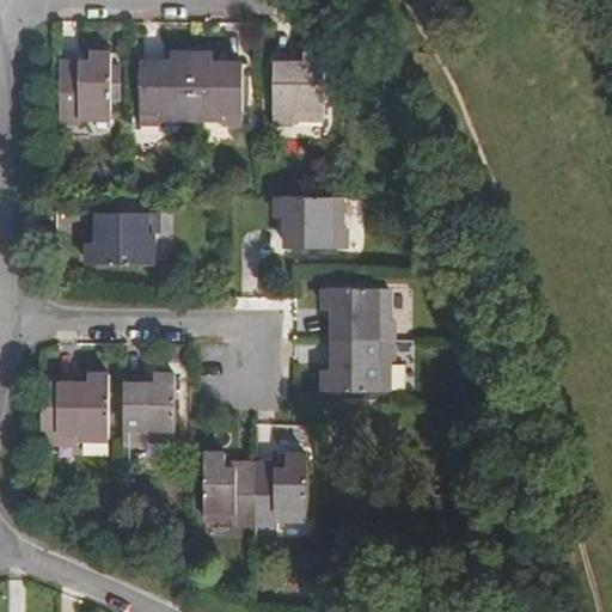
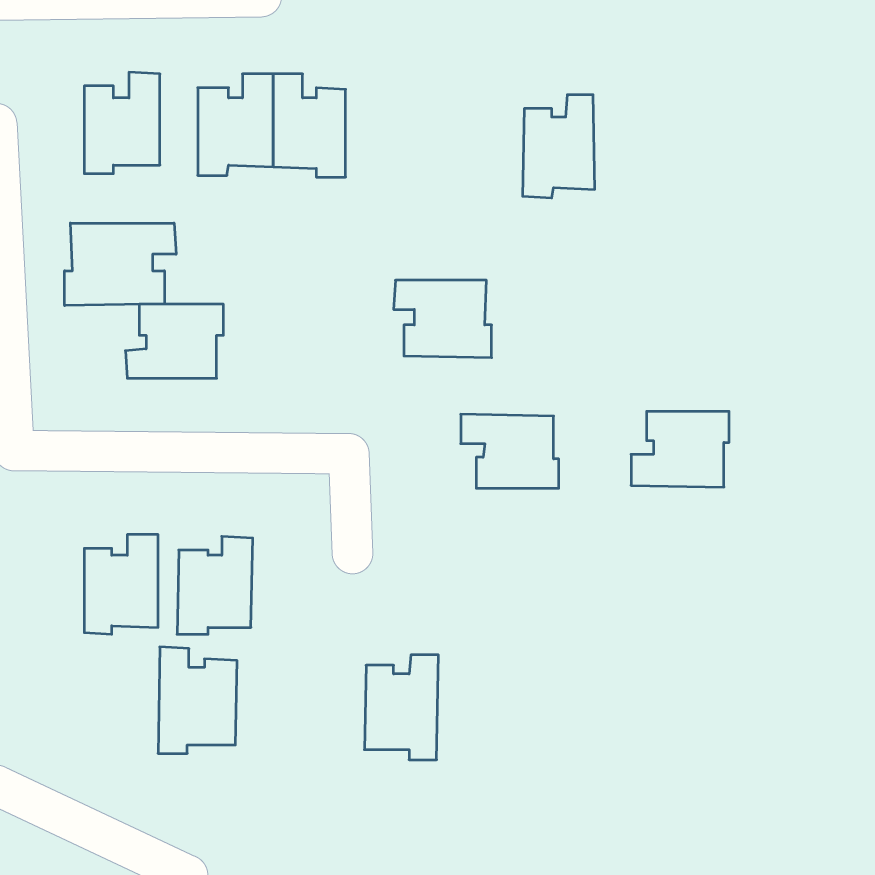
building: [270,53,320,124] -> [523,95,595,198]
building: none -> [65,223,176,306]
building: [320,339,388,392] -> [631,411,729,487]
building: [200,453,255,527] -> [158,647,237,753]

